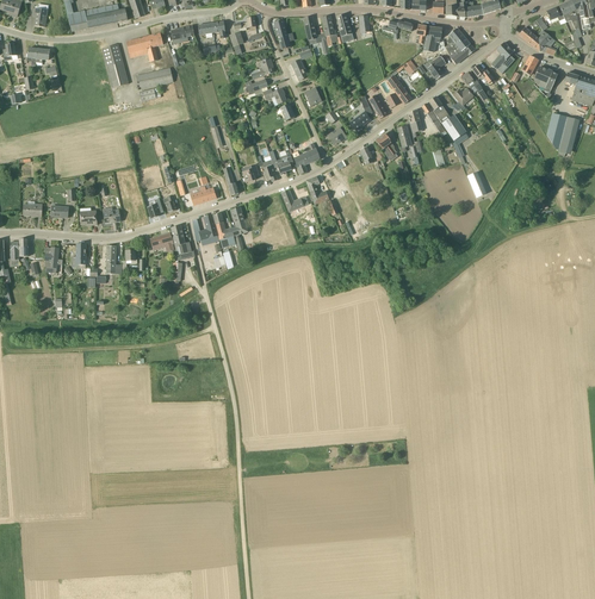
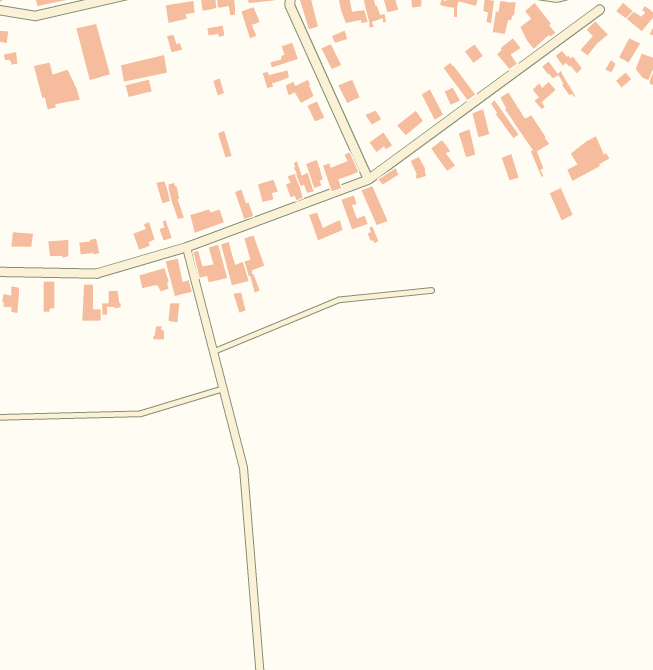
building: [126,33,163,62] -> none
building: none -> [33,62,80,110]
building: none -> [566,135,610,182]

